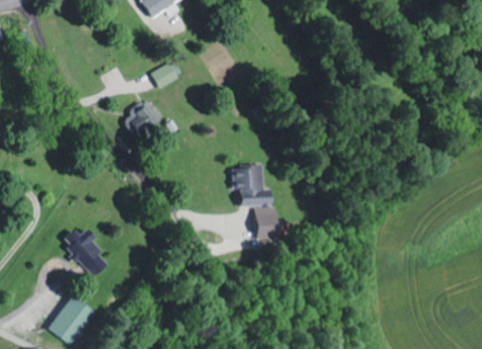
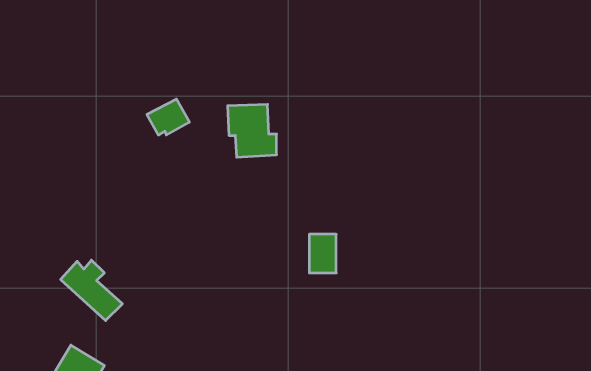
building: [152,61,184,88] -> none
building: [232,166,270,207] -> [228,104,277,157]

